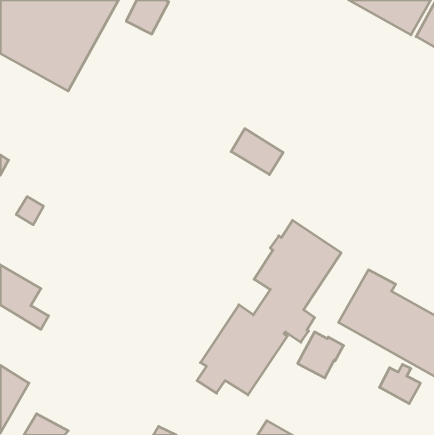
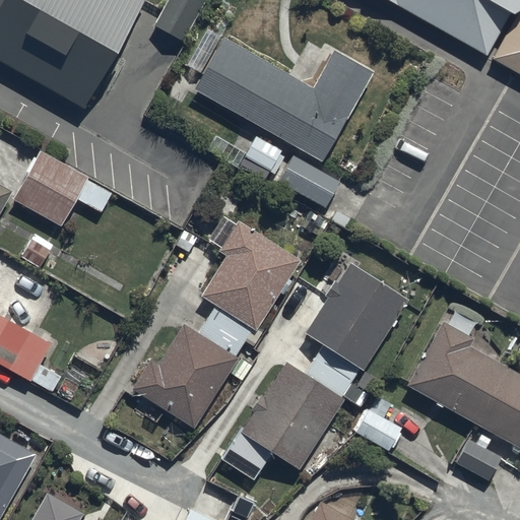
building: none -> [189,34,373,165]
building: none -> [14,152,112,225]
building: none -> [132,219,300,429]

